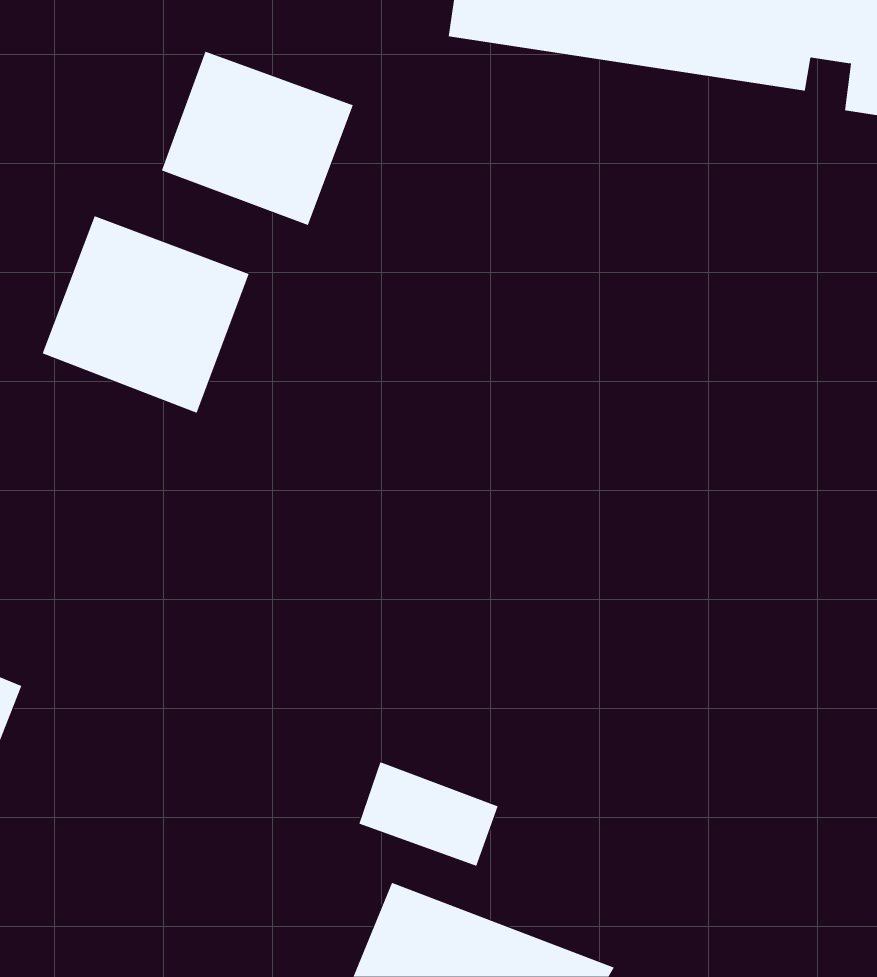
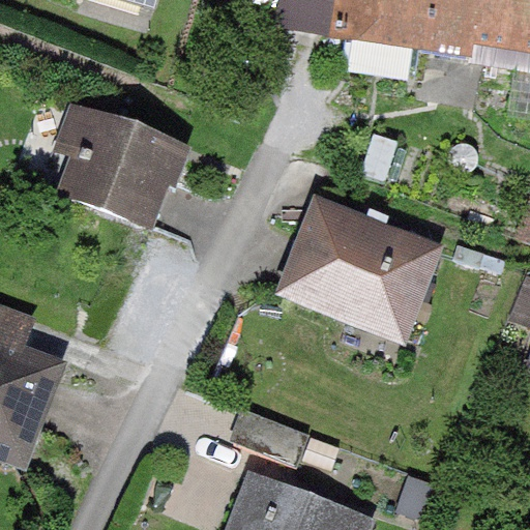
building: [161,51,354,226] -> none
building: none -> [286,205,439,328]

